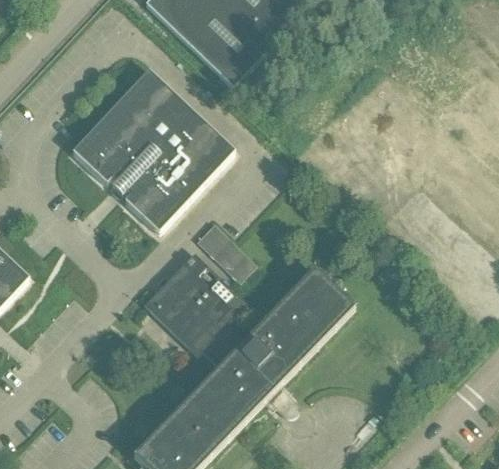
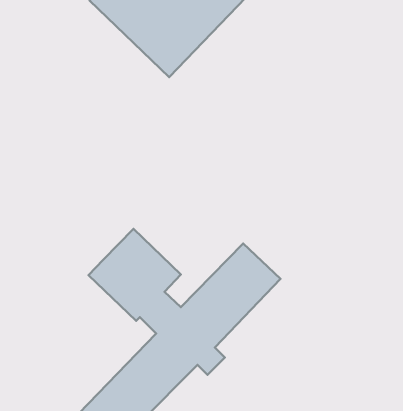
building: [69,69,233,232] -> none
building: [195,223,254,281] -> none

